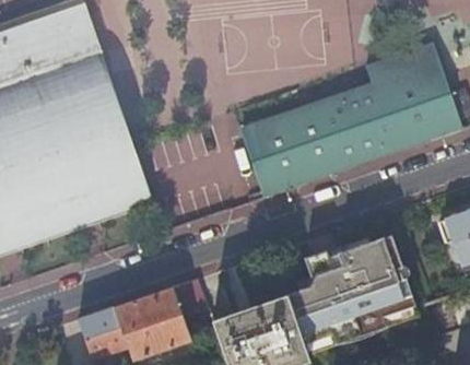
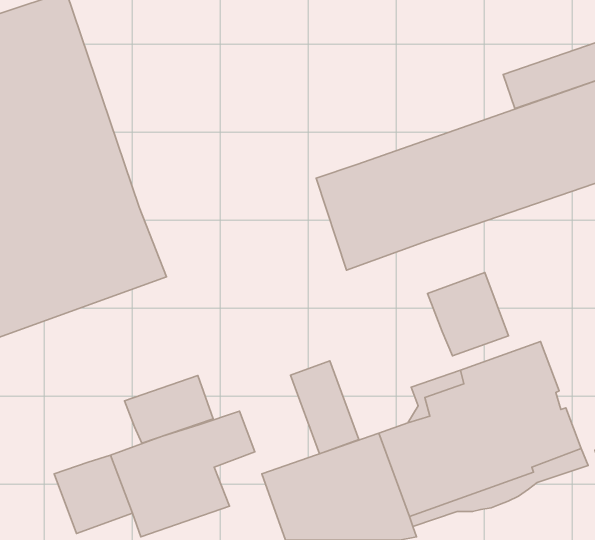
building: none -> [427,272,508,356]
building: none -> [291,361,359,454]
building: none -> [125,375,213,443]

